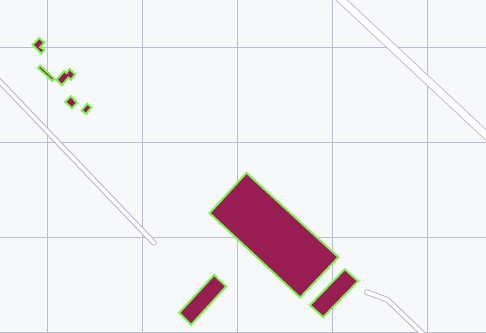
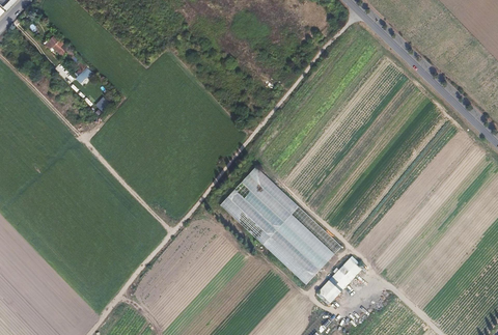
building: [179,275,226,325] -> none

